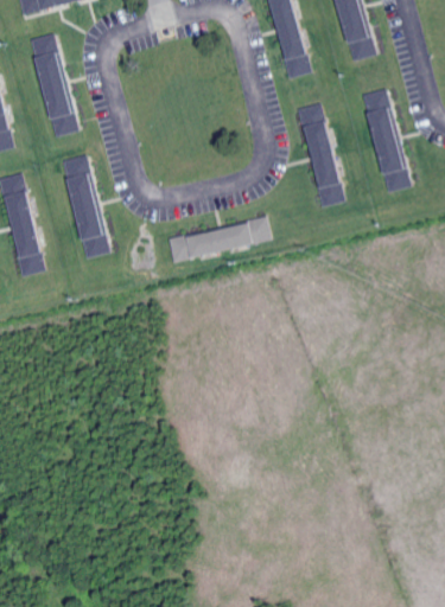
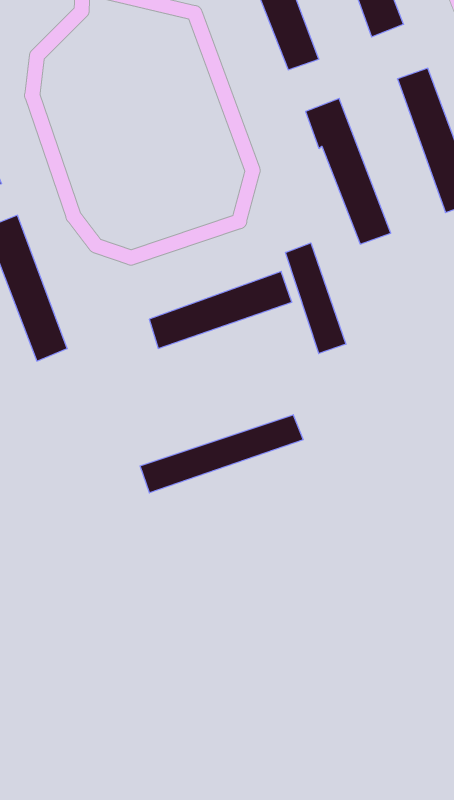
building: none -> [286,243,346,354]
building: none -> [140,415,303,493]

